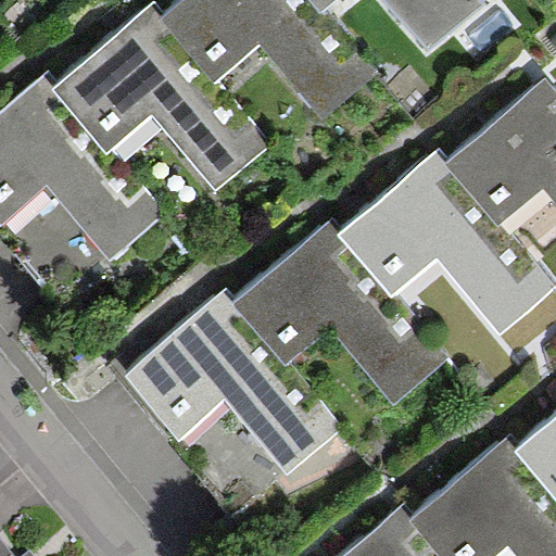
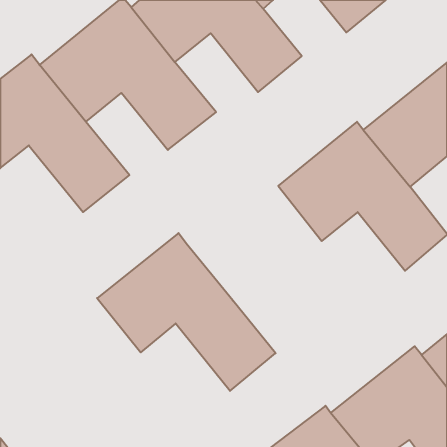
building: [231,219,450,408] -> none

